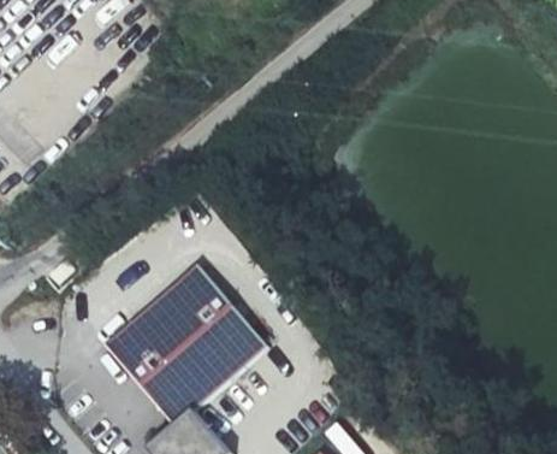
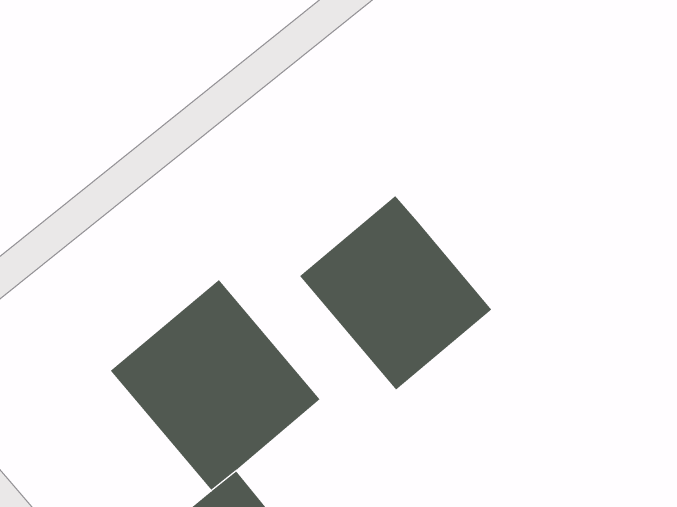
building: none -> [299,195,492,391]

